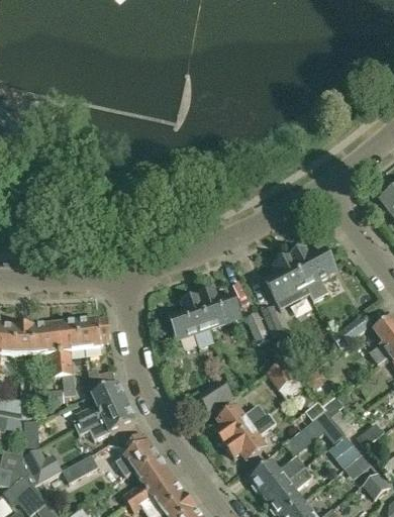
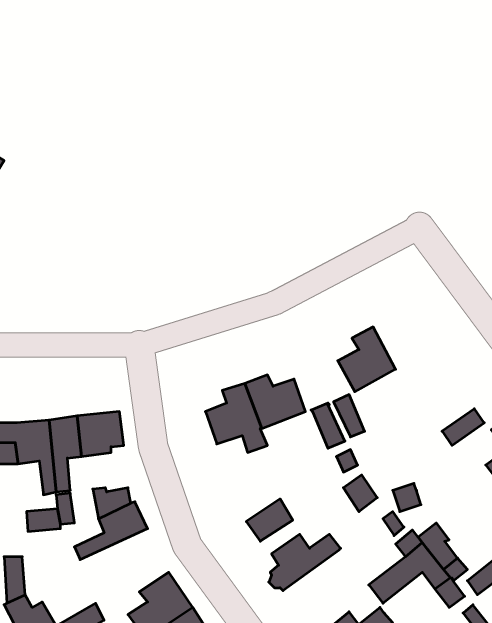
building: [290,248,336,301] -> none
building: [76,401,136,434] -> none
building: [225,414,277,460] -> none

